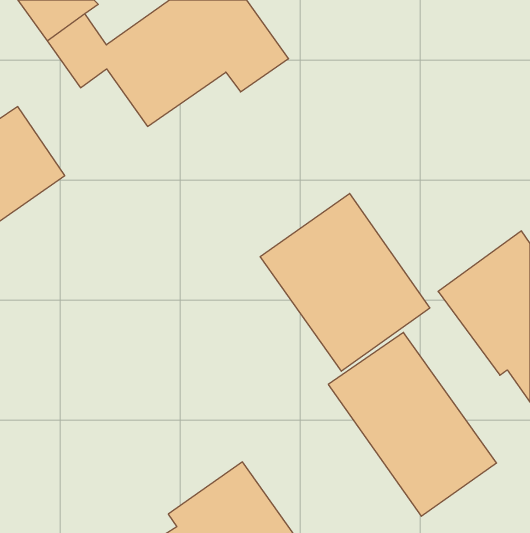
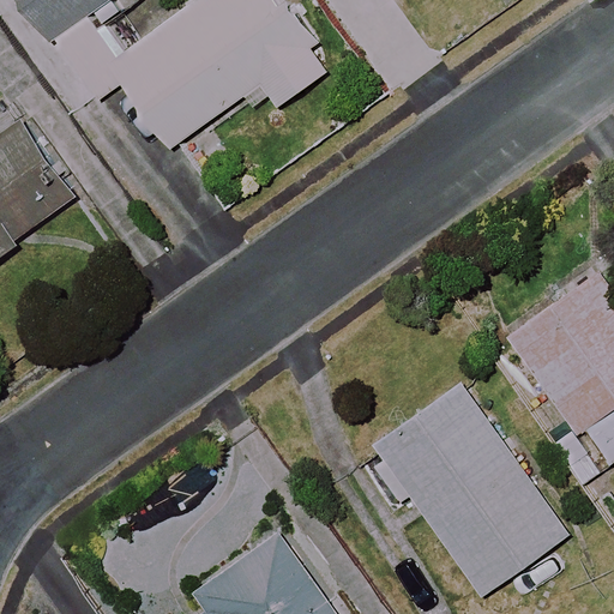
building: [260,193,430,371] -> none

